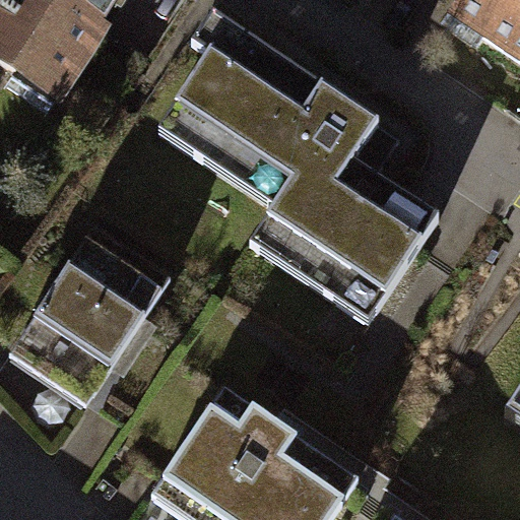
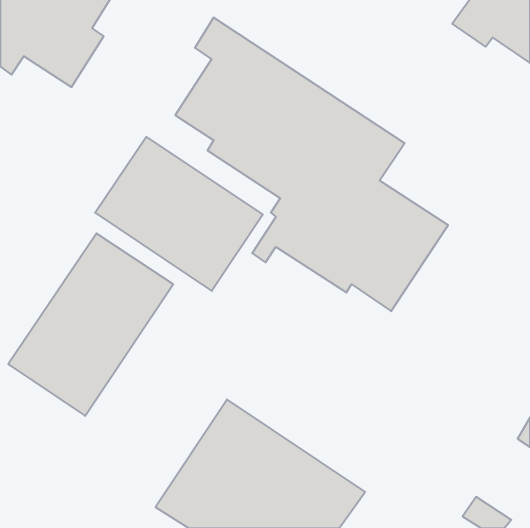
building: none -> [95,137,263,291]

